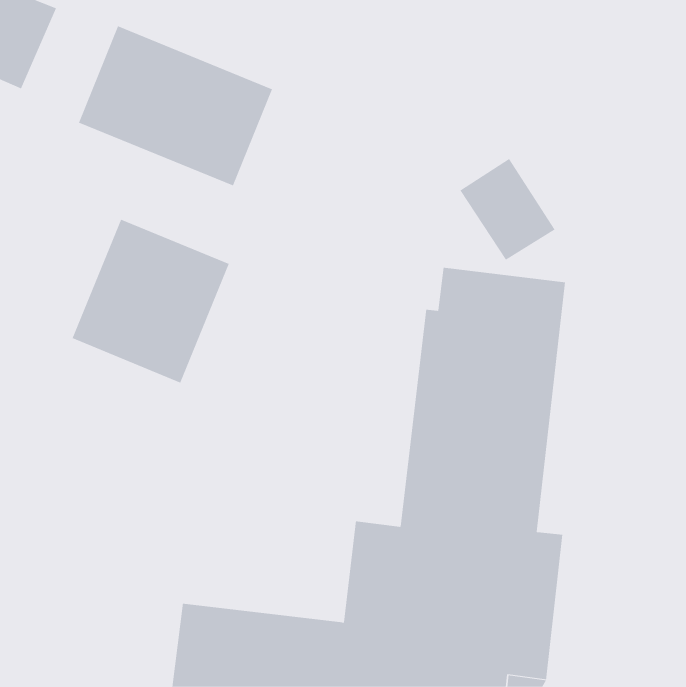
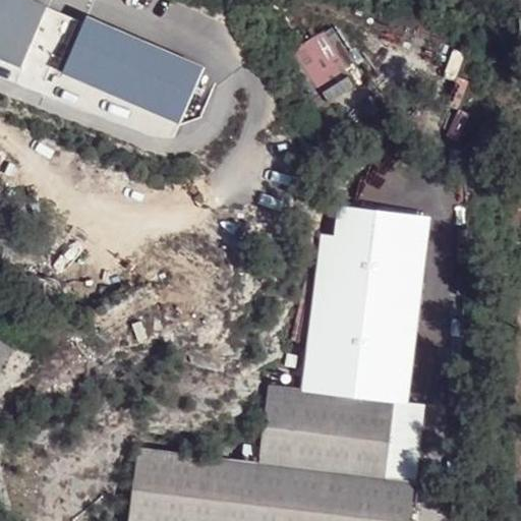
building: [460,158,556,261] -> [288,25,360,103]
building: [72,219,229,383] -> none

